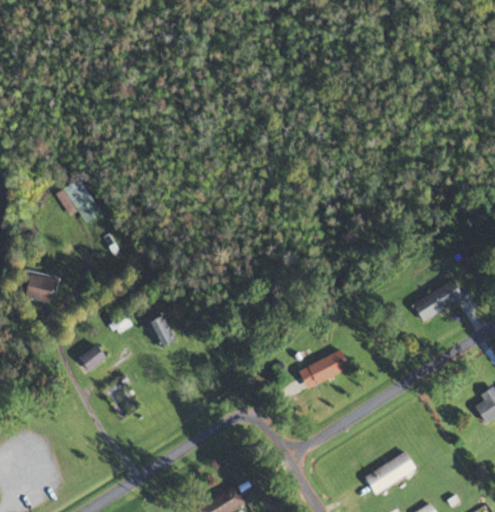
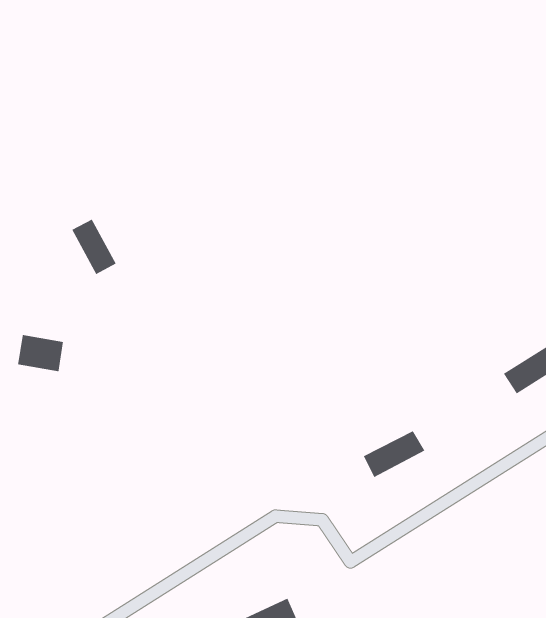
building: [145,316,175,350] -> none
building: [79,345,107,372] -> none
building: [365,453,416,493] -> none

